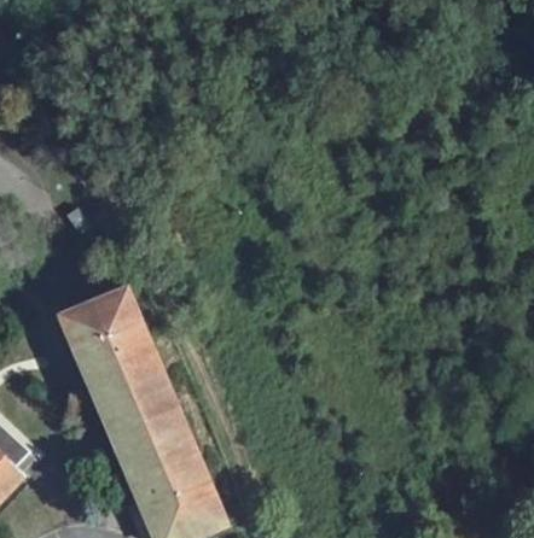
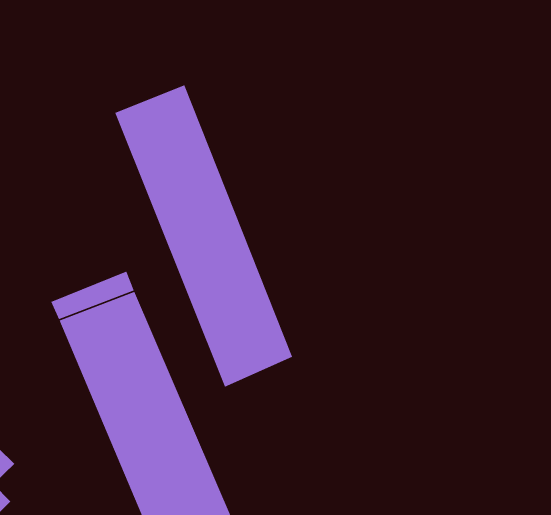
building: none -> [114,84,293,388]

